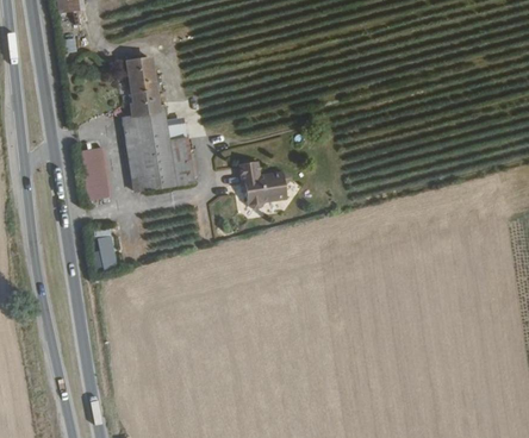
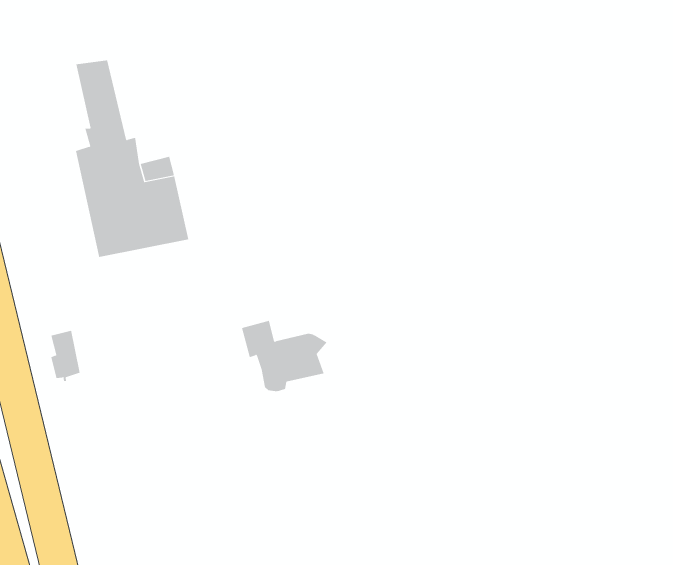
building: [80,149,105,205] -> none
building: [238,159,294,207] -> [241,320,327,392]

